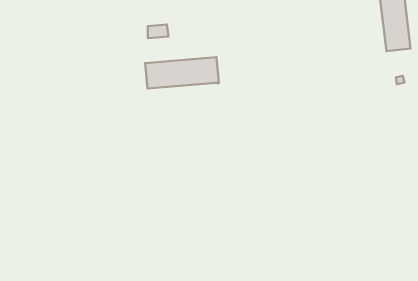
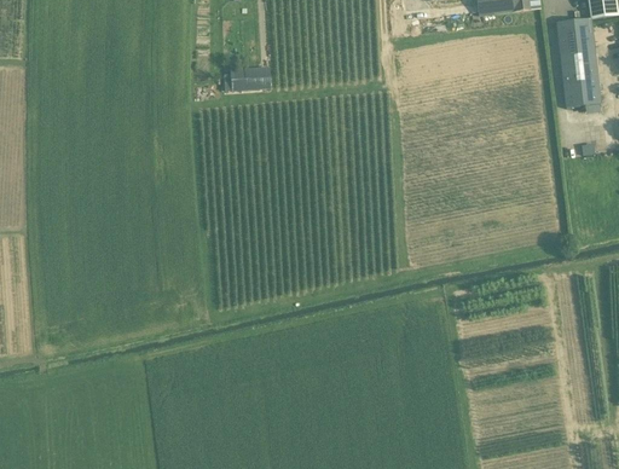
building: [145,57,219,88] -> none

